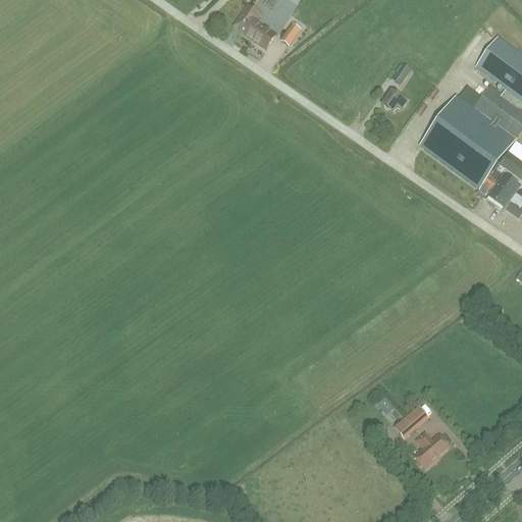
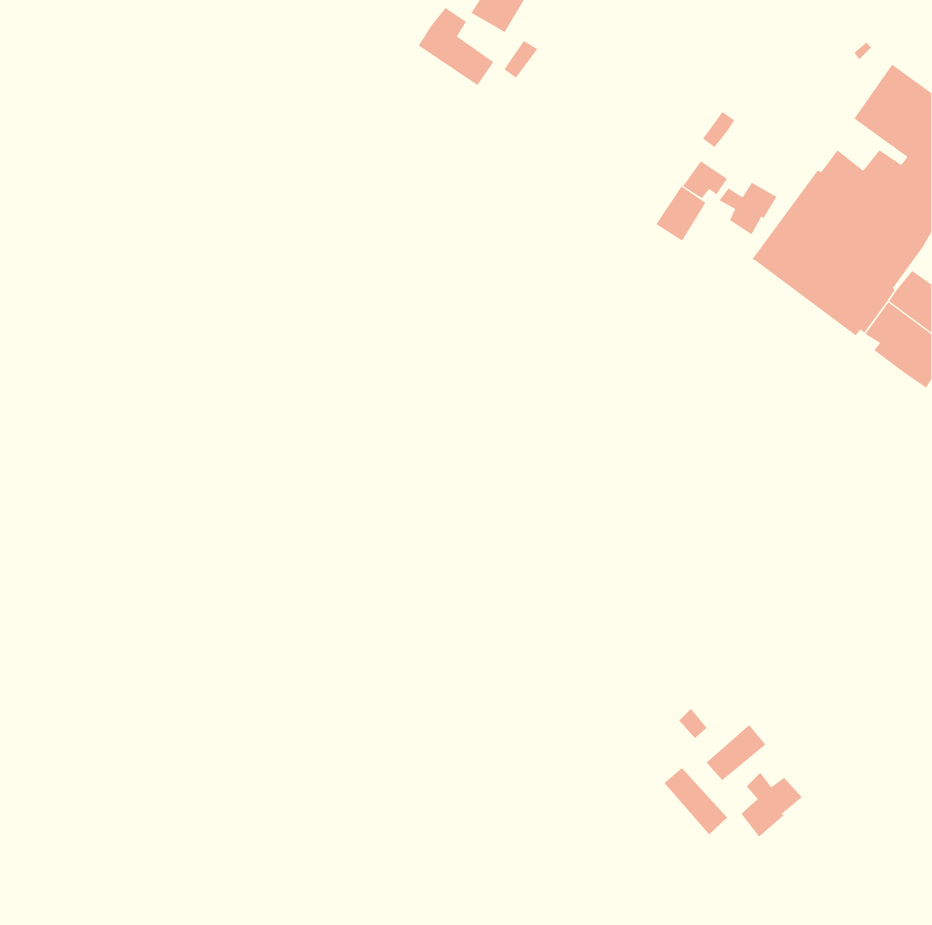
building: none -> [719,182,777,235]
building: none -> [656,186,706,242]
building: none -> [663,767,728,835]

